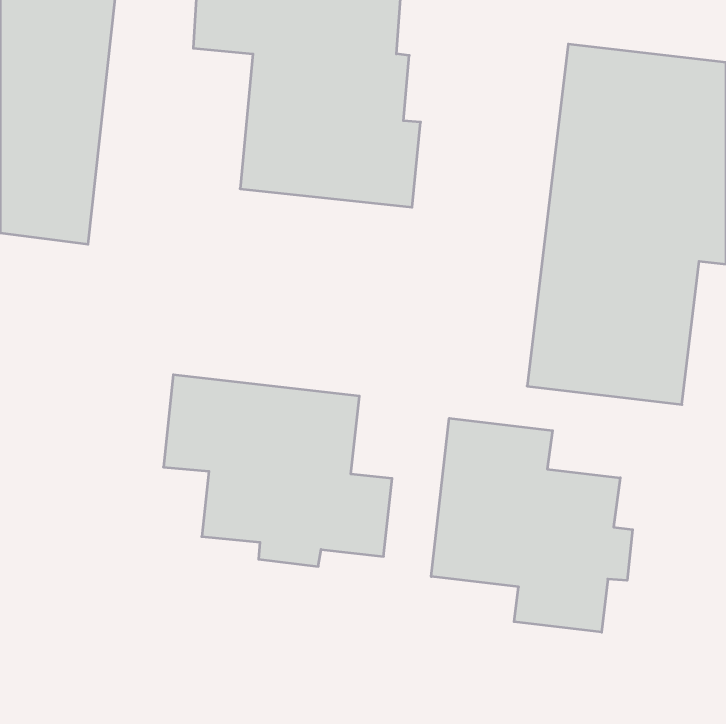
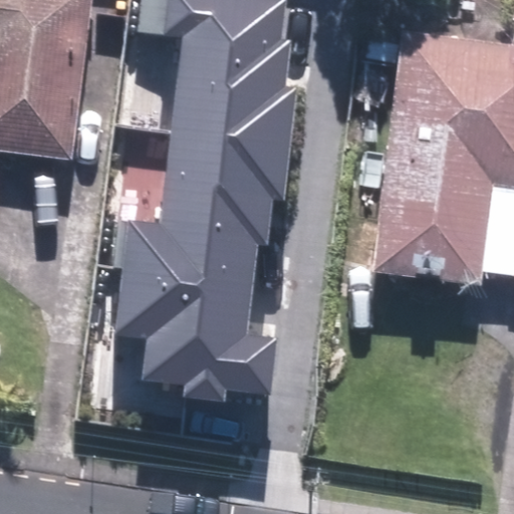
building: none -> [122,134,291,280]
building: [431,418,633,632] -> none

